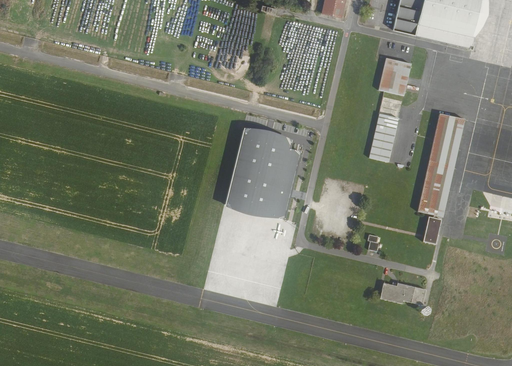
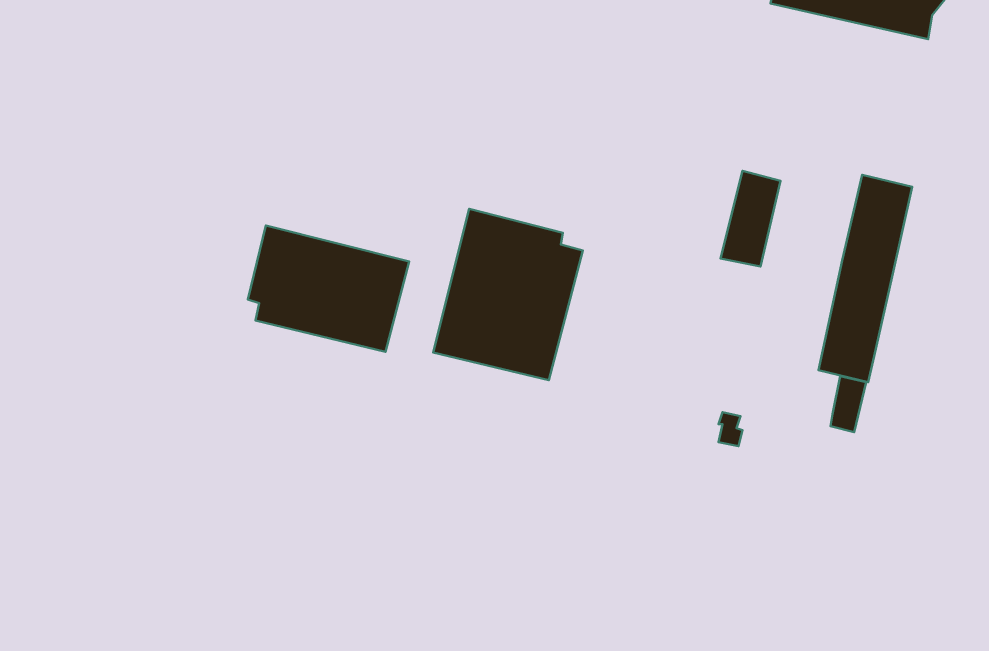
building: [379,56,412,94] -> none
building: none -> [248,226,409,352]
building: [380,280,426,304] -> none

